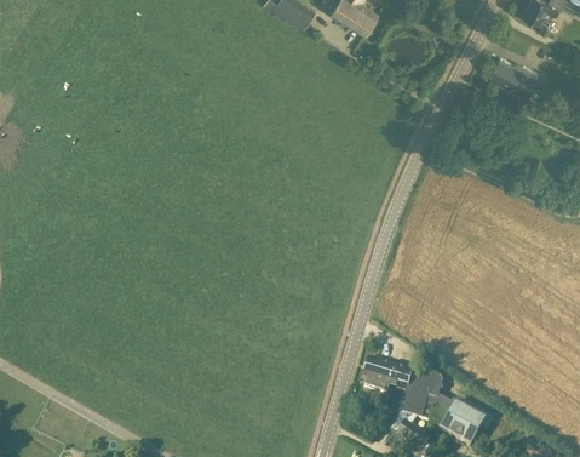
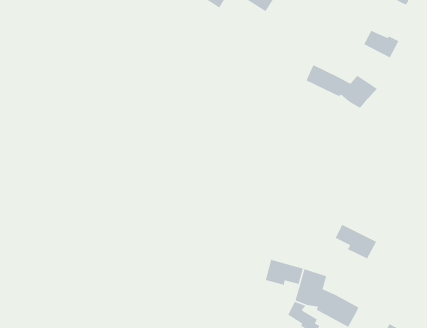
building: none -> [306,64,378,109]
building: none -> [335,224,377,260]

